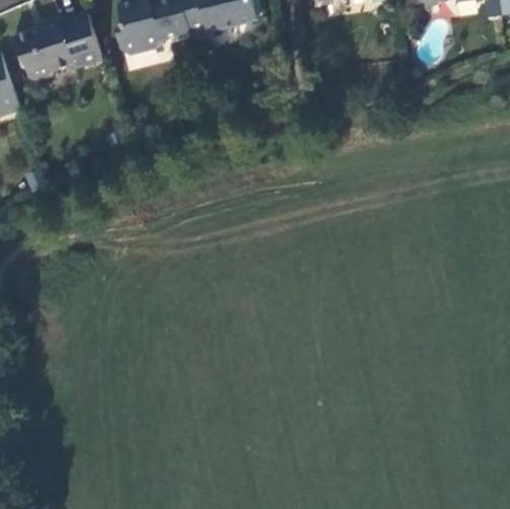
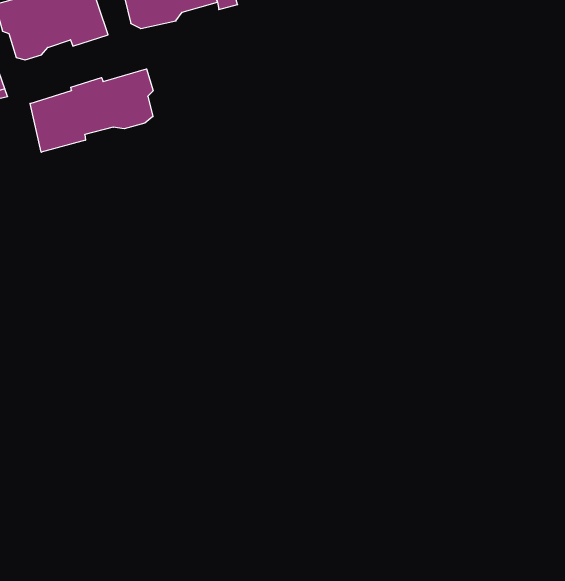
building: none -> [30,69,153,152]

